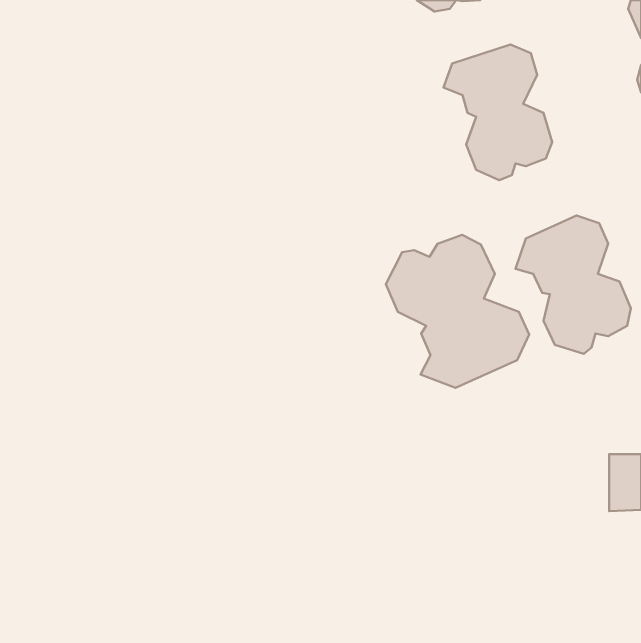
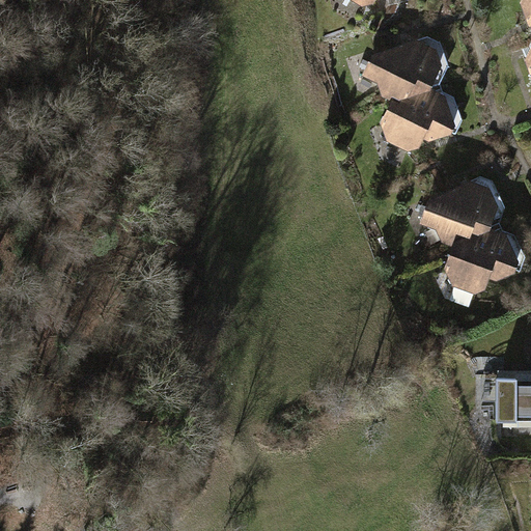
building: [386,235,529,388] -> none

